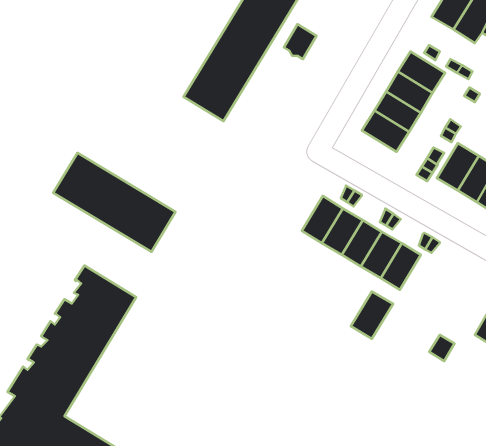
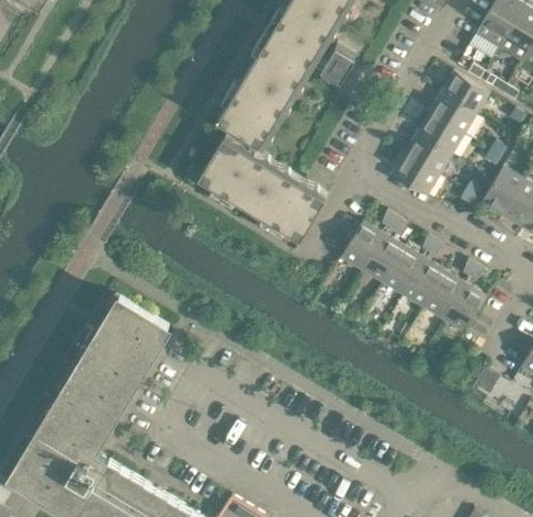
building: none -> [392,155,440,198]
building: [53,153,176,252] -> [199,138,326,241]
building: [351,291,393,339] -> [443,284,487,334]

